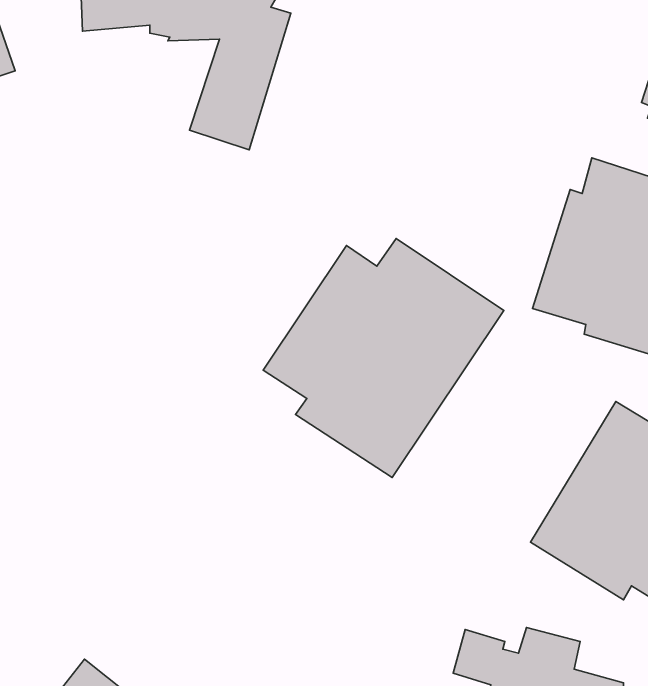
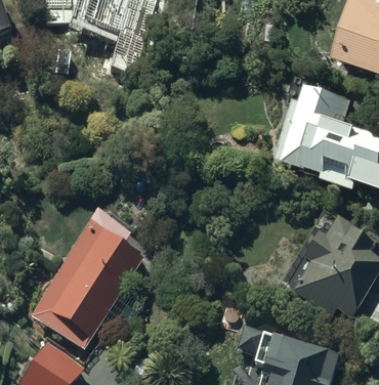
building: [263,238,504,478] -> none
building: none -> [32,212,143,344]

